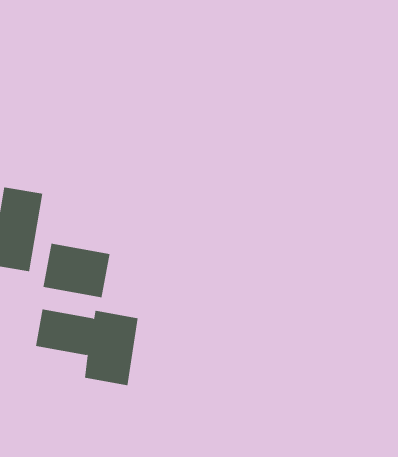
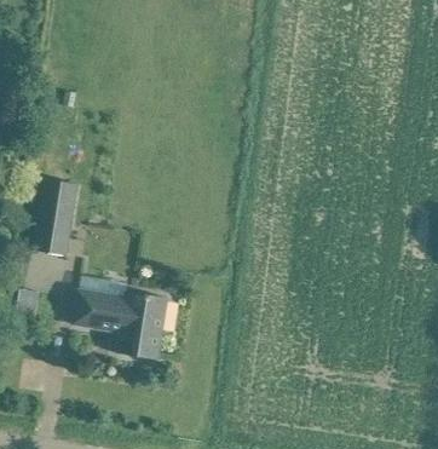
building: [43,243,110,298] -> none

